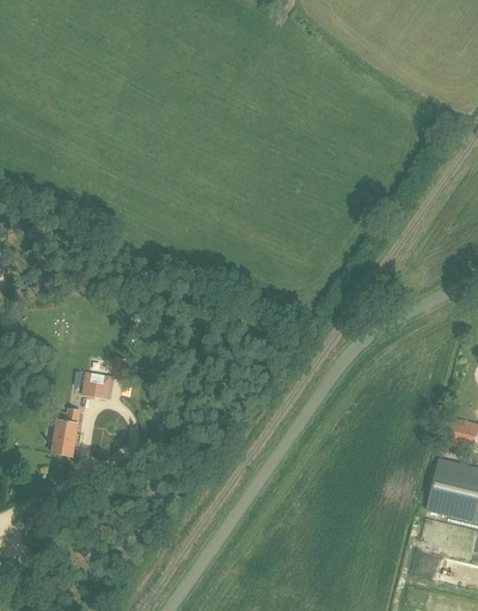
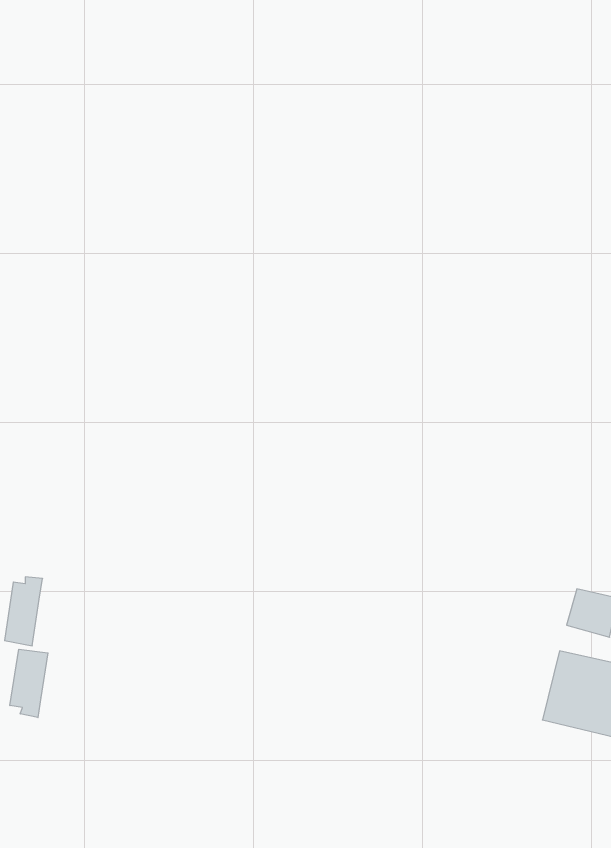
building: [84,373,111,398] -> none
building: none -> [10,649,48,718]

